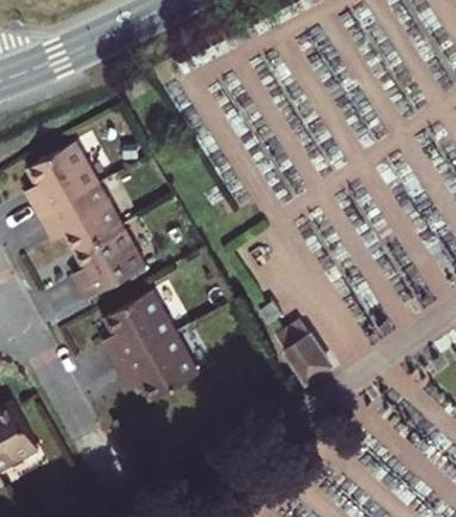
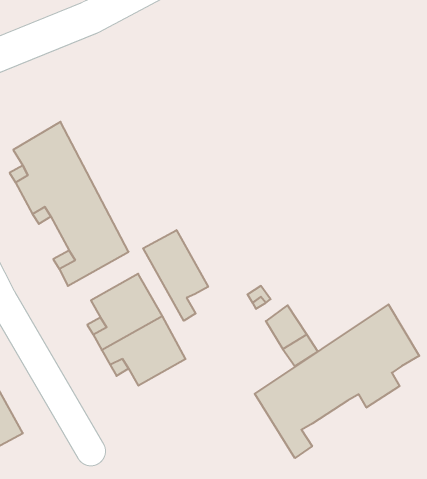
building: none -> [143,230,208,321]
building: none -> [255,304,419,458]

